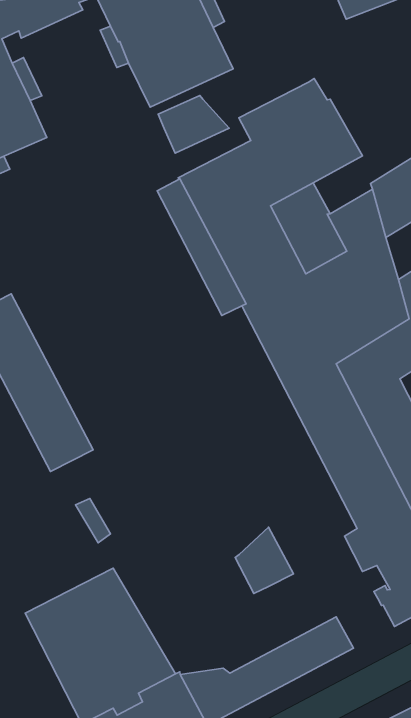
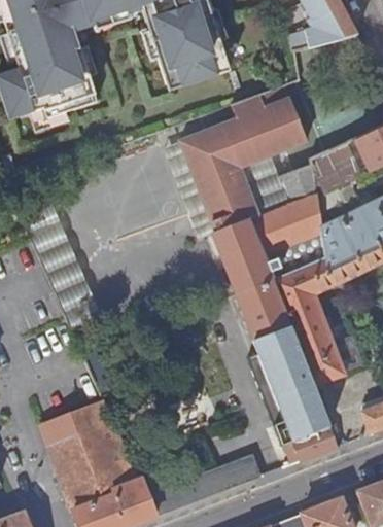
building: [158,95,229,153] -> none
building: [235,527,293,594] -> none

